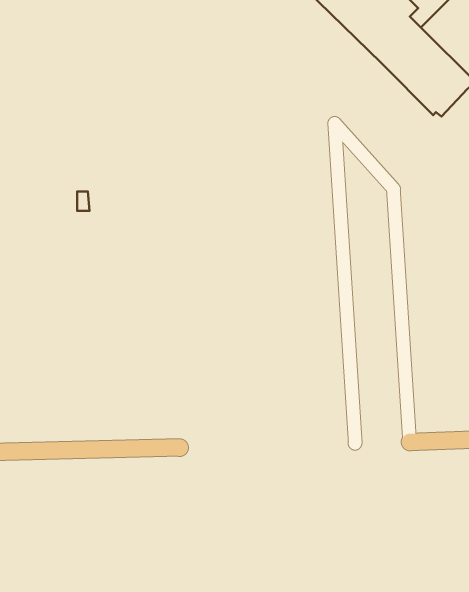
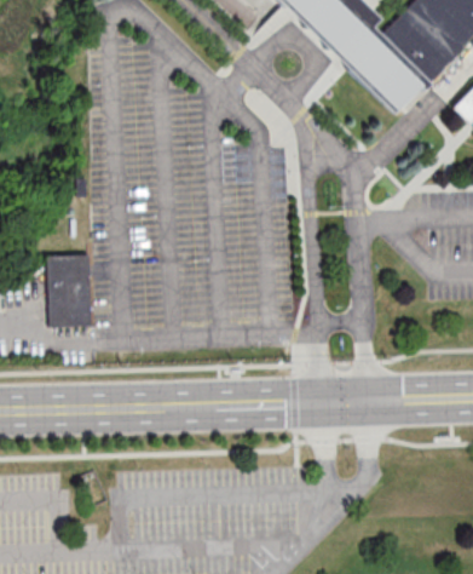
building: none -> [48,257,96,327]

